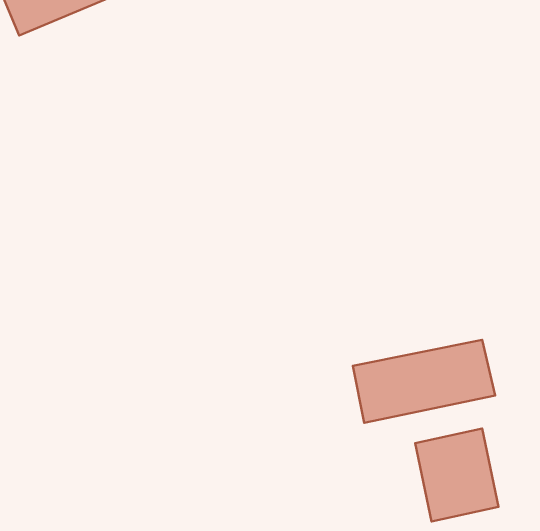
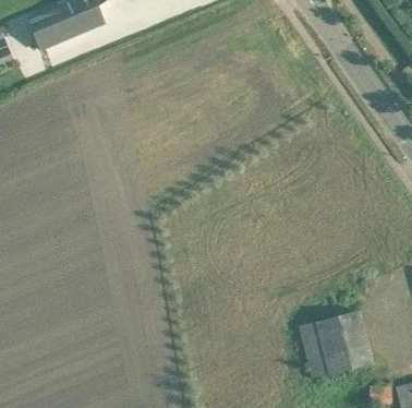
building: [353,340,495,423] -> none

